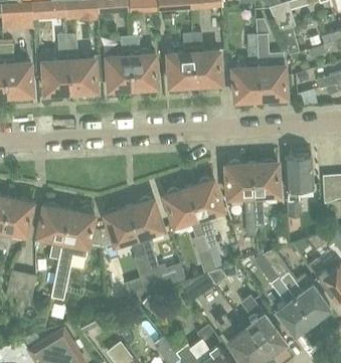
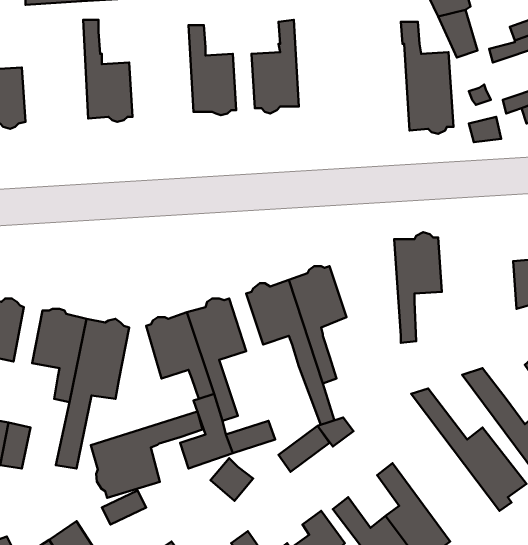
building: [42,33,70,96] -> none
building: [192,33,221,85] -> none
building: [107,36,133,92] -> none
building: [232,47,261,103] -> none
building: [285,154,313,218] -> none
building: [225,161,255,225] -> none
building: [253,254,314,335] -> none
building: none -> [91,412,202,498]

